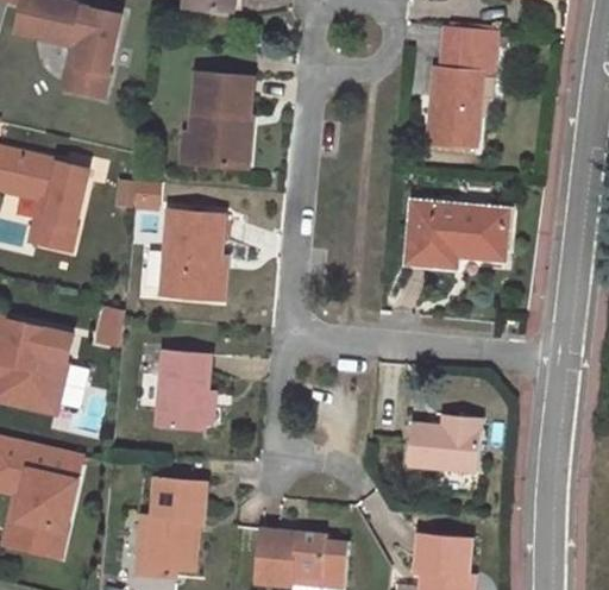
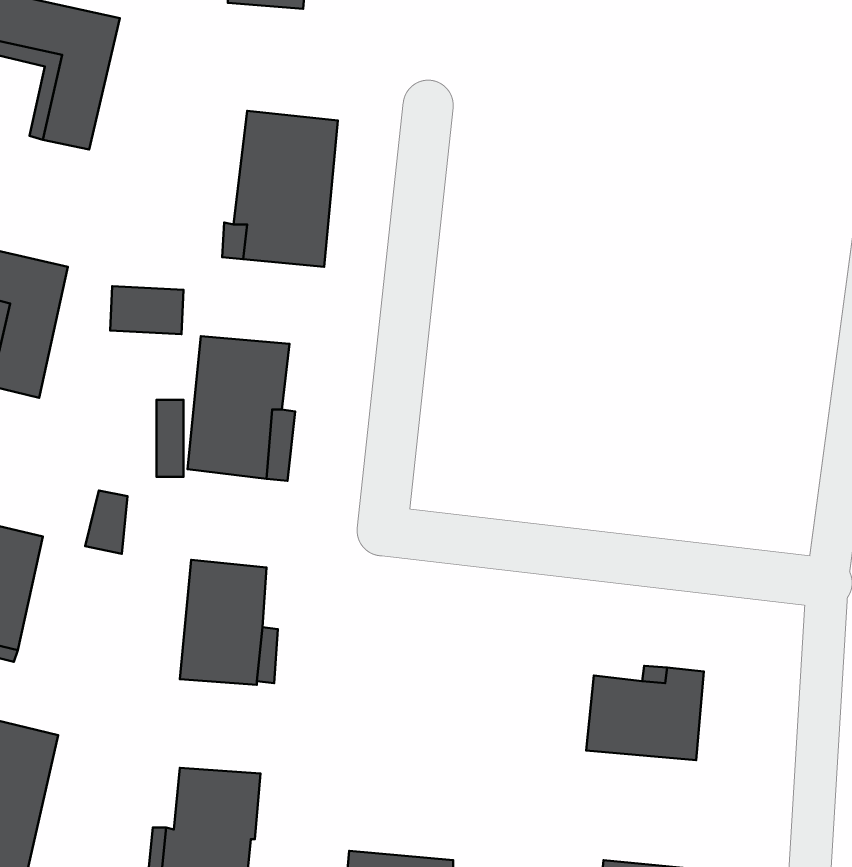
building: [428,26,500,145] -> none
building: [404,202,507,272] -> none

